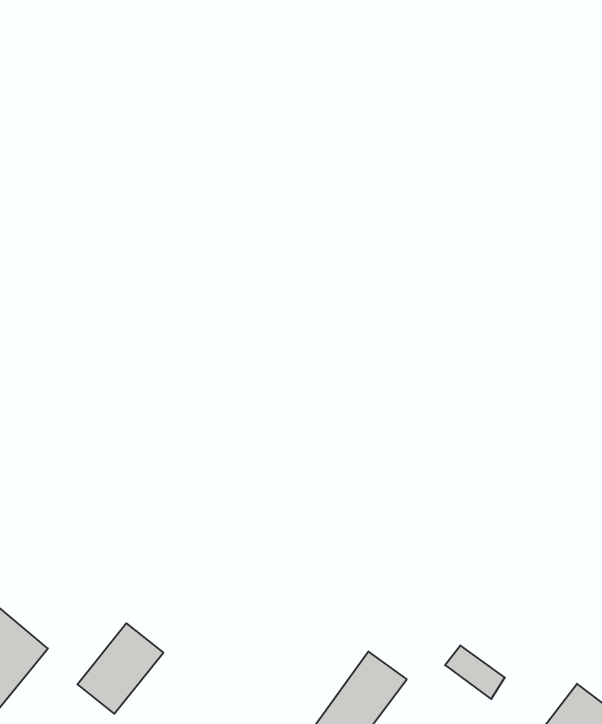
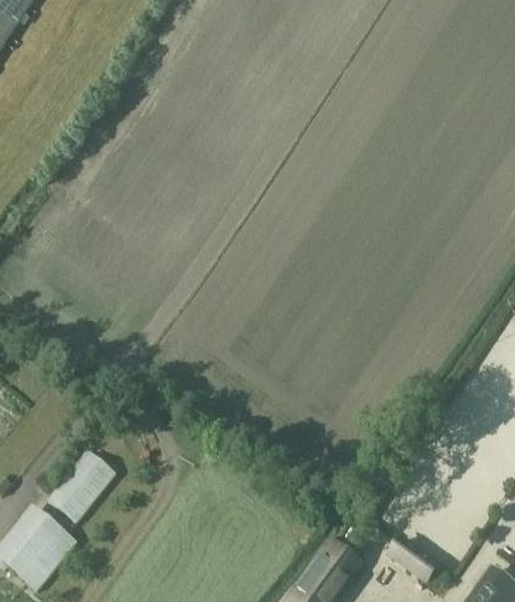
building: [77,623,163,714] -> [47,450,115,521]

